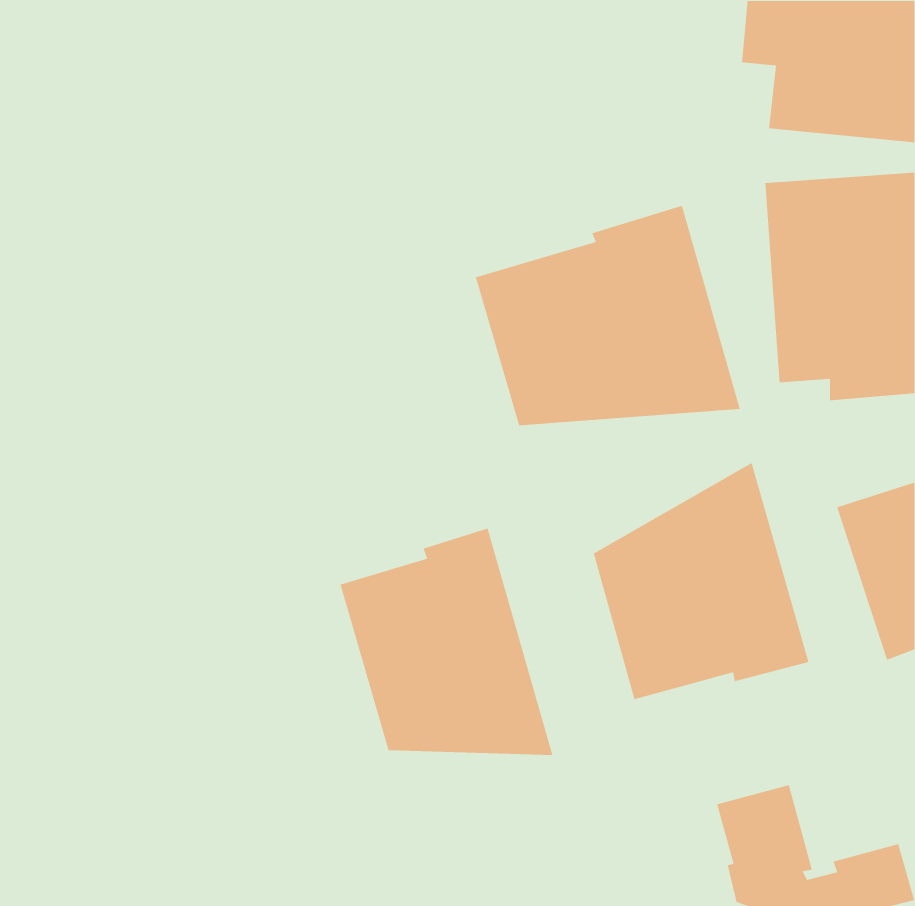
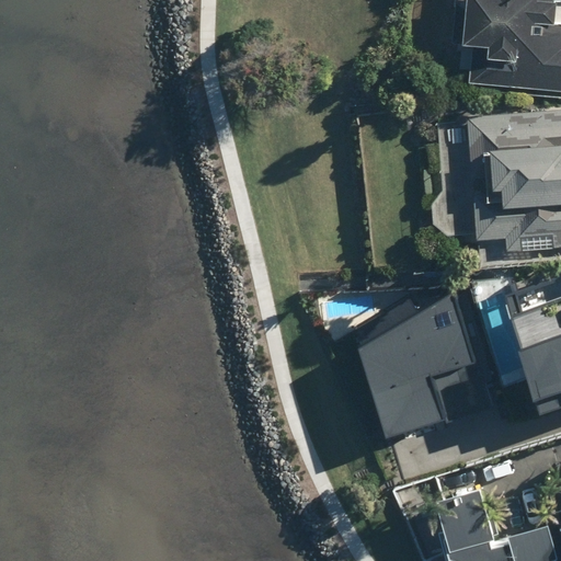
building: [475,205,741,426] -> none
building: [339,527,553,756] -> none

